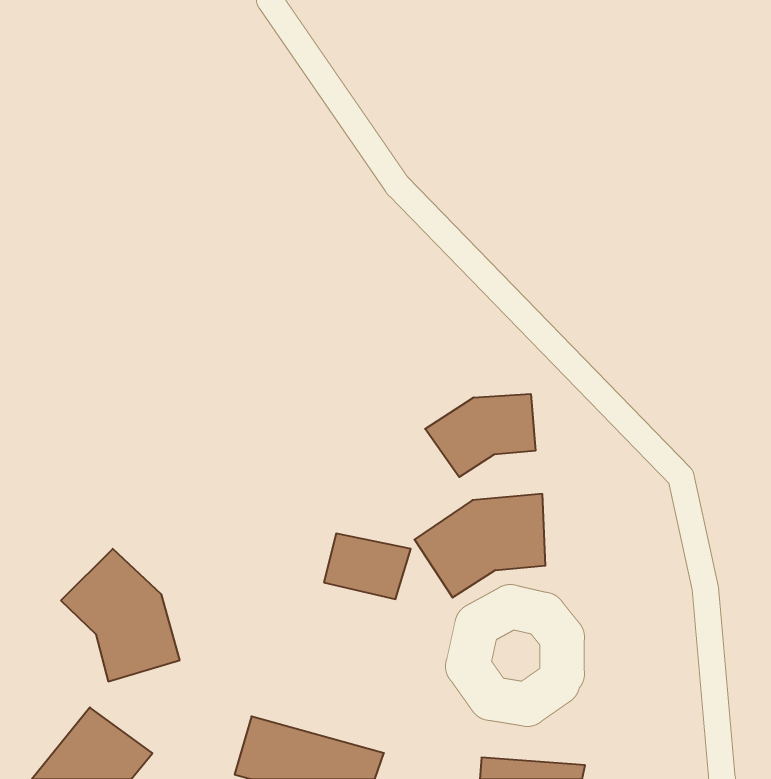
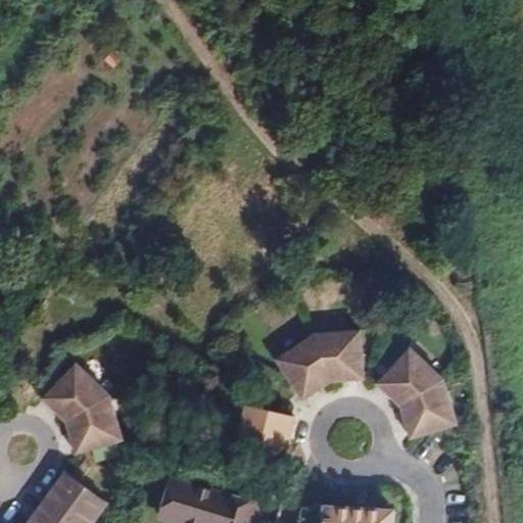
building: [425,394,535,477] -> none
building: none -> [378,348,458,437]
building: [324,534,411,599] -> [236,407,294,450]

